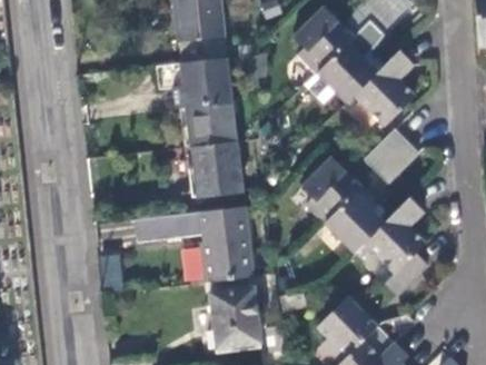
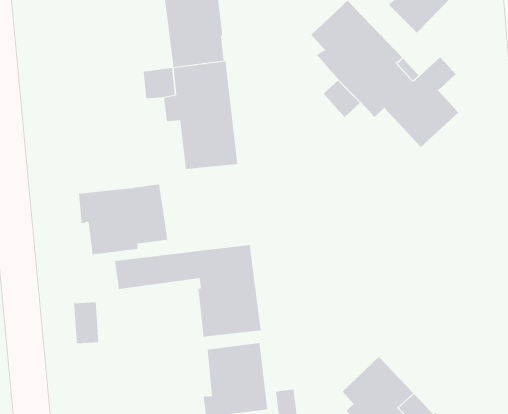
building: [365,135,417,186] -> none
building: [191,138,265,196] -> [78,184,168,255]
building: [299,158,426,298] -> none

